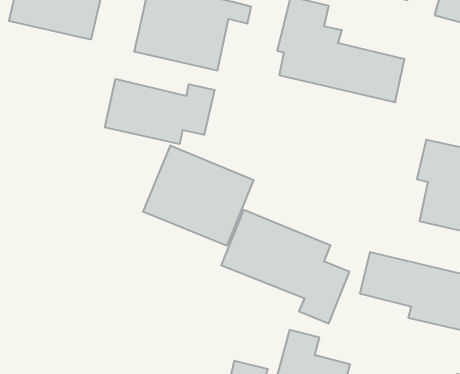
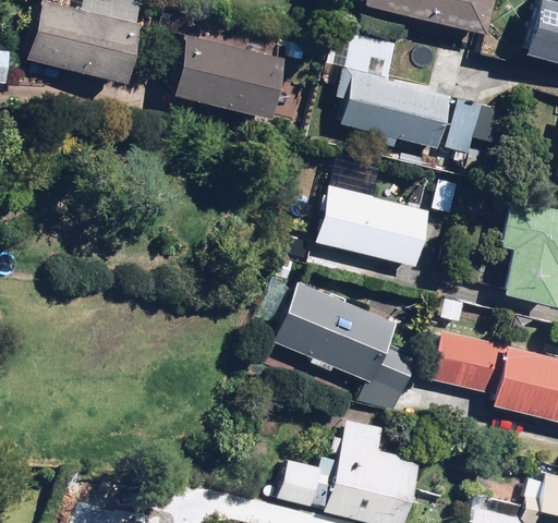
building: [105,79,215,144] -> none
building: none -> [316,159,470,266]
building: [143,145,253,246] -> none

